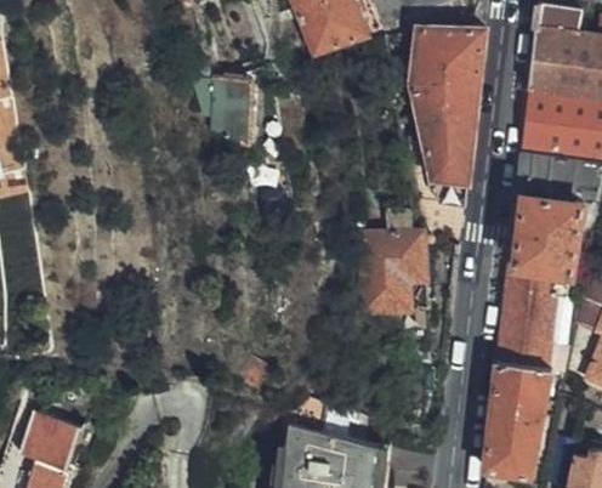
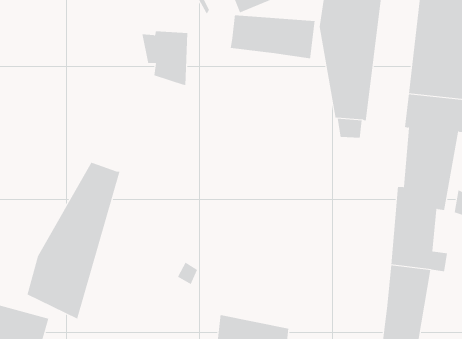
building: none -> [230,15,315,59]
building: [353,210,426,314] -> none
building: none -> [27,162,120,320]

